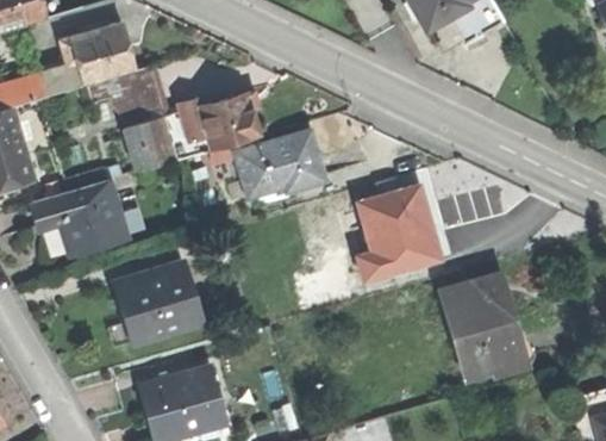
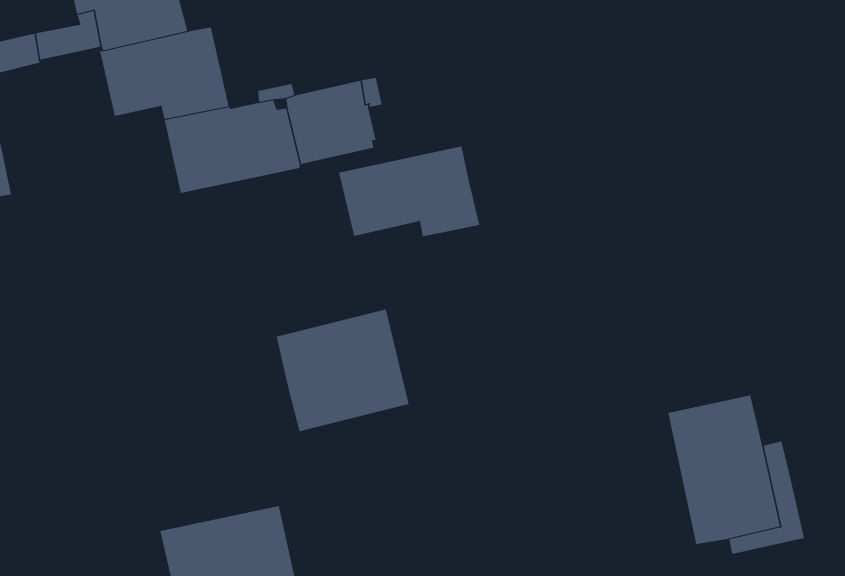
building: [31,175,132,253] -> none
building: [356,184,442,278] -> none
building: [115,262,201,342] -> [276,309,409,432]

